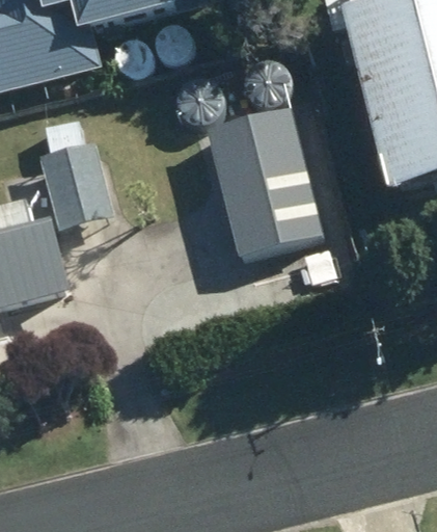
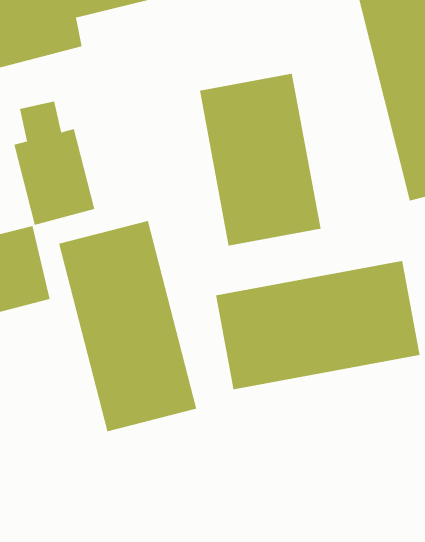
building: none -> [59,220,197,432]
building: none -> [216,260,420,390]

